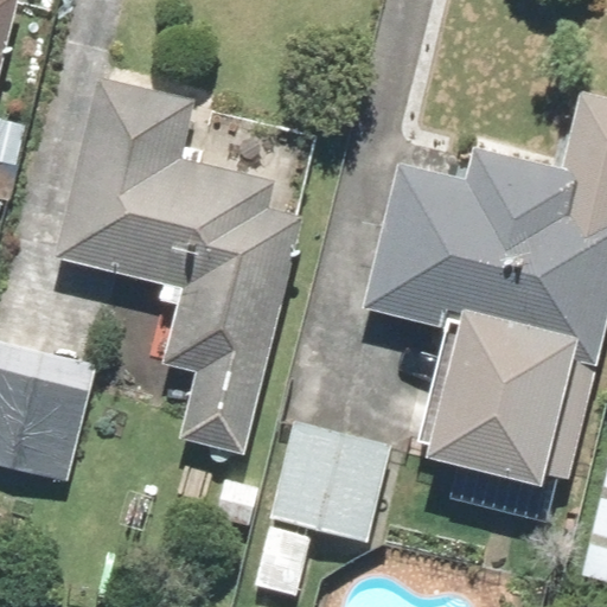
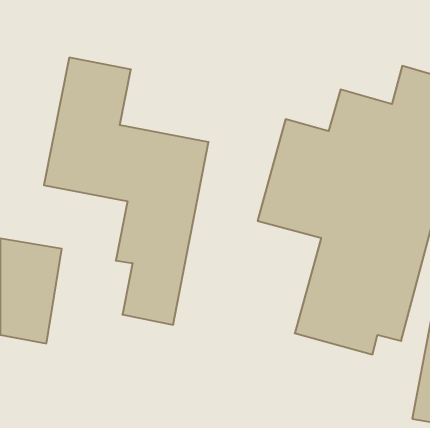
building: [258,418,388,592] -> none

